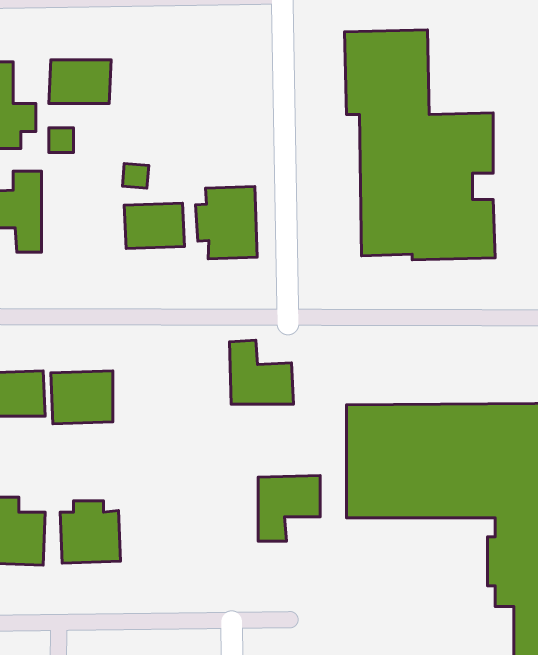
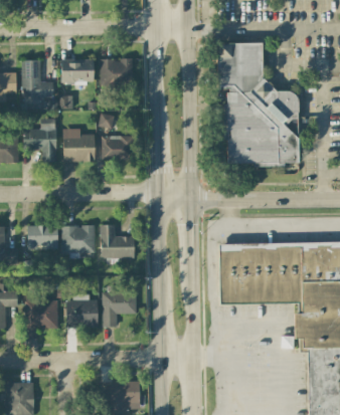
building: none -> [100,58,133,92]
building: [196,187,257,259] -> none
building: none -> [63,129,95,162]
building: [229,340,293,404] -> [101,224,135,258]
building: [258,475,320,541] -> [103,291,136,327]

